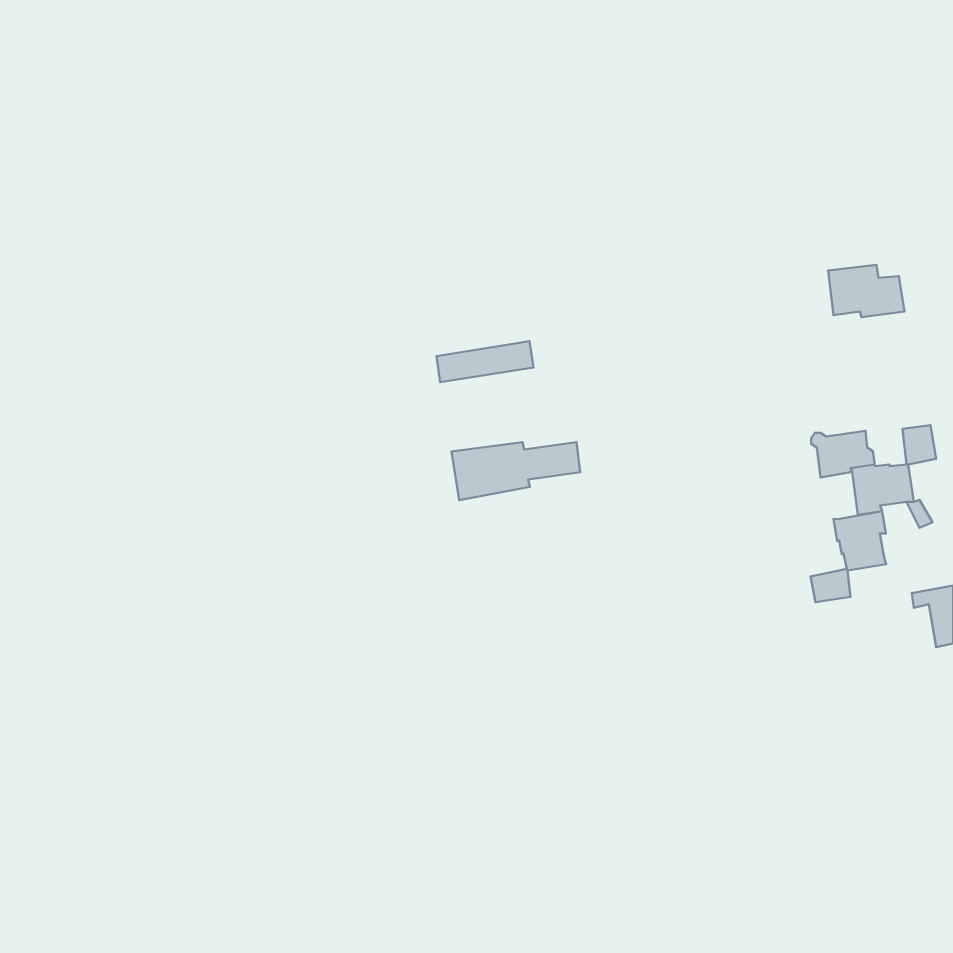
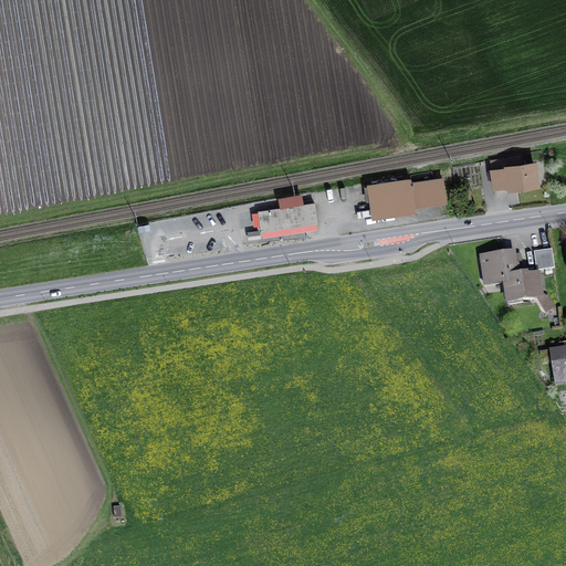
building: [452,442,580,500] -> [368,180,444,214]
building: [811,511,886,602] -> none

